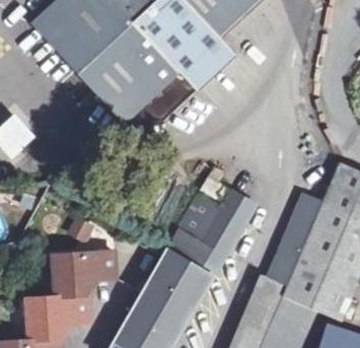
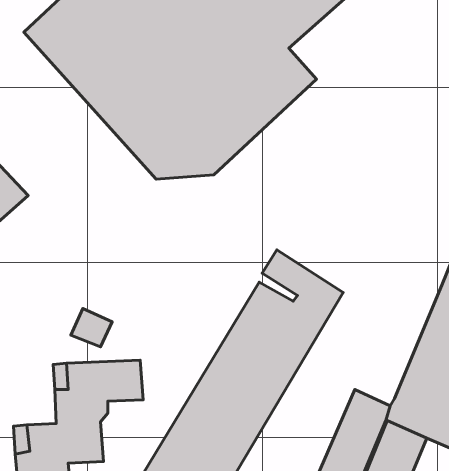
building: [271,193,322,278] -> none

